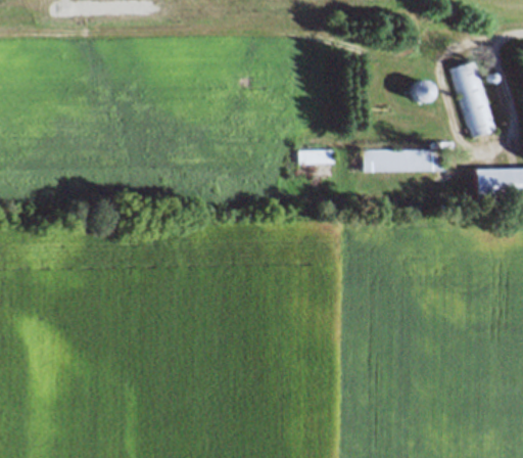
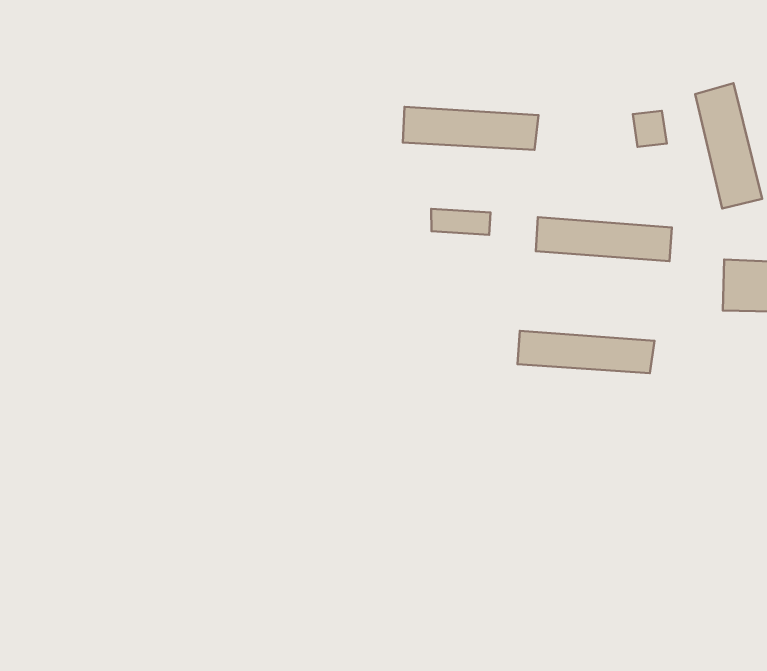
building: none -> [403,107,539,150]
building: none -> [518,331,654,373]

